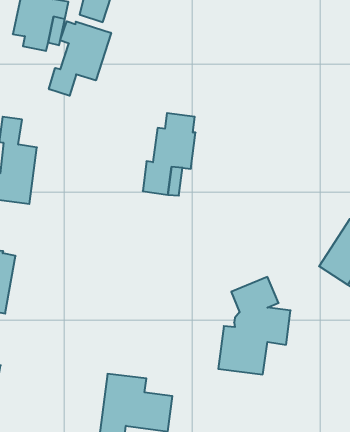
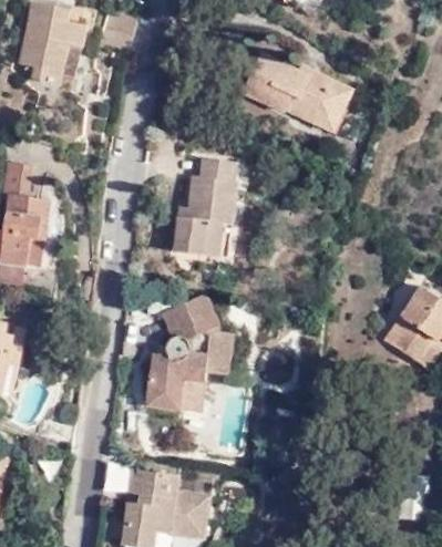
building: [49,21,111,96] -> none
building: none -> [240,52,353,132]
building: [218,277,291,374] -> [146,295,233,411]

